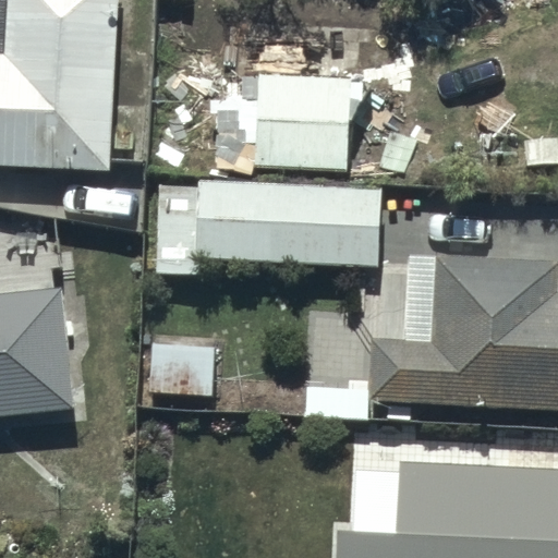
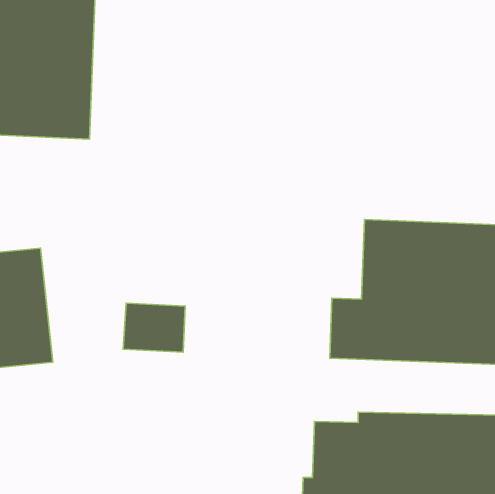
building: [248,75,350,173] -> none
building: [154,181,384,278] -> none

